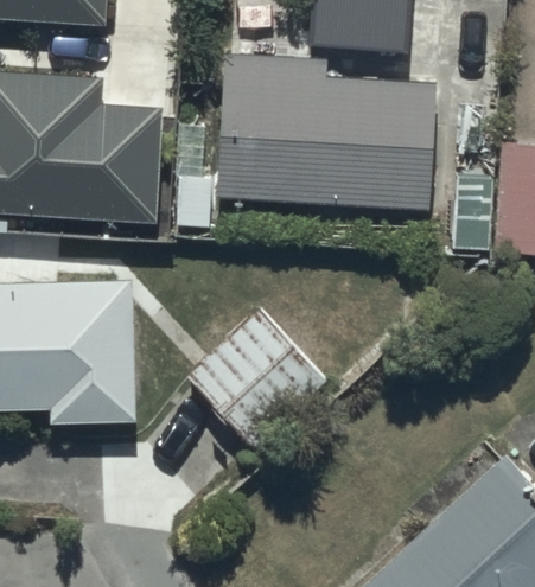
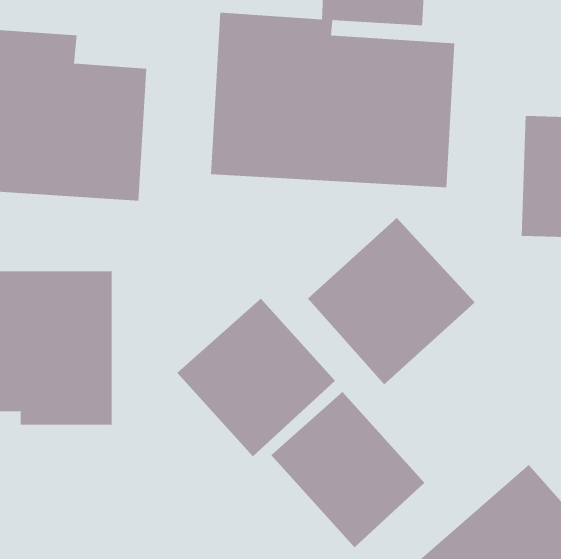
building: none -> [307,217,475,385]
building: none -> [270,391,425,548]

